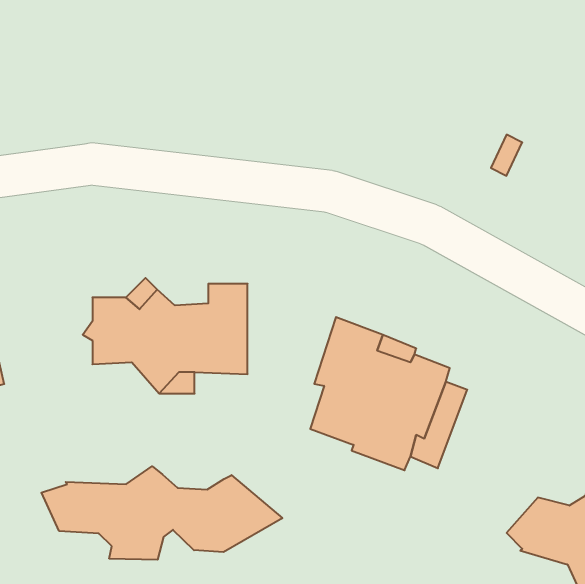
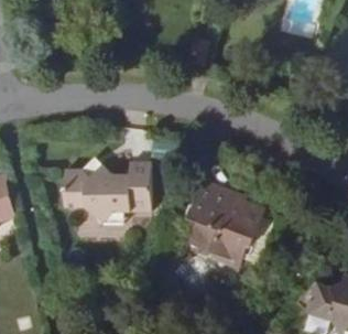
building: [41,466,282,560] -> none

